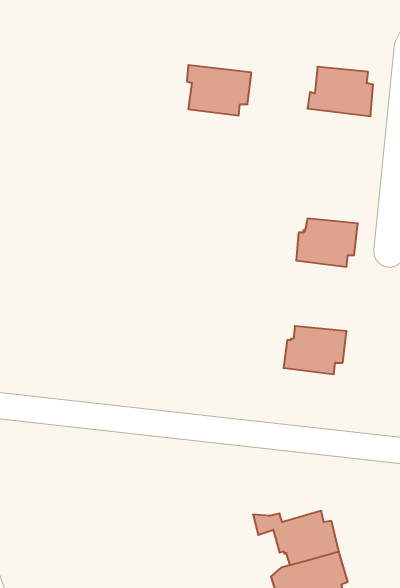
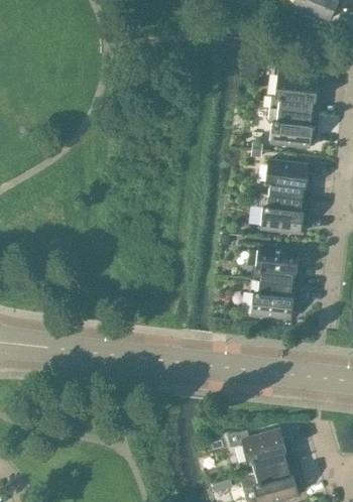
building: [187,65,251,116] -> [267,108,319,148]
building: none -> [259,160,312,200]
building: none -> [249,246,303,285]

